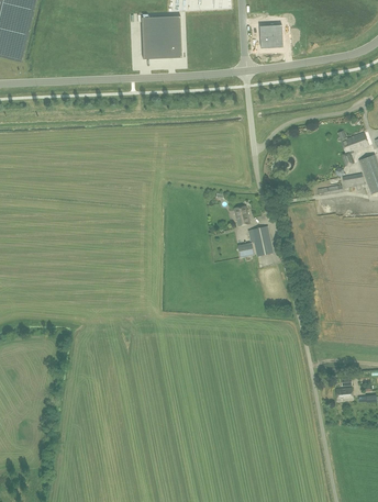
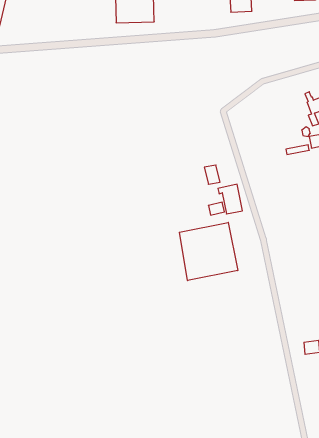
building: none -> [179,222,238,281]

